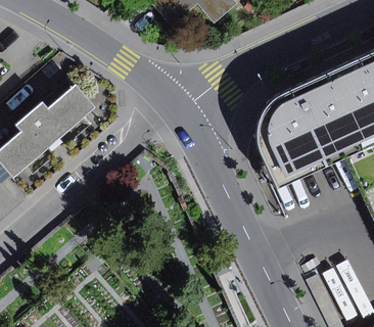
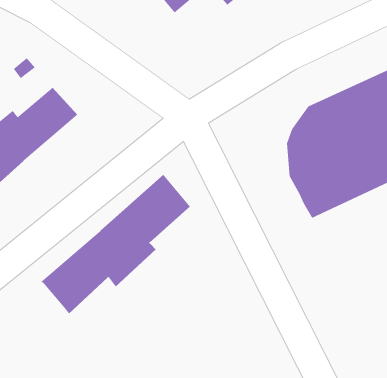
building: none -> [40,174,191,314]

